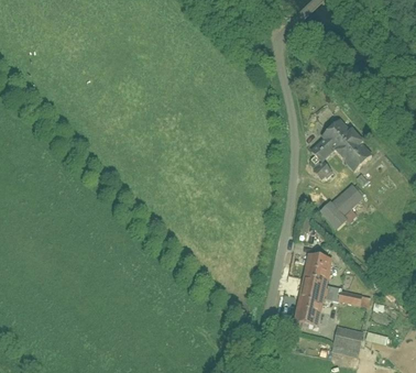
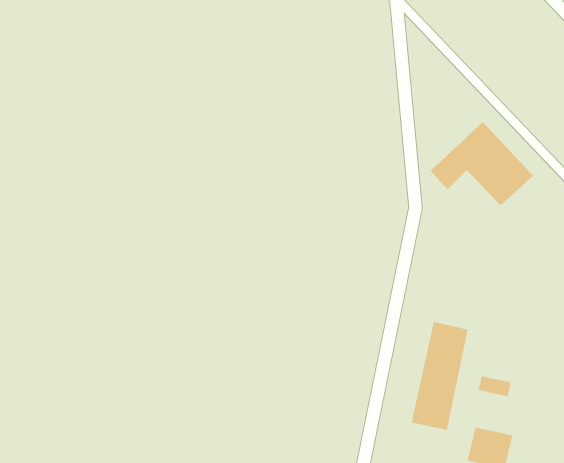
building: [318,183,364,230] -> none

